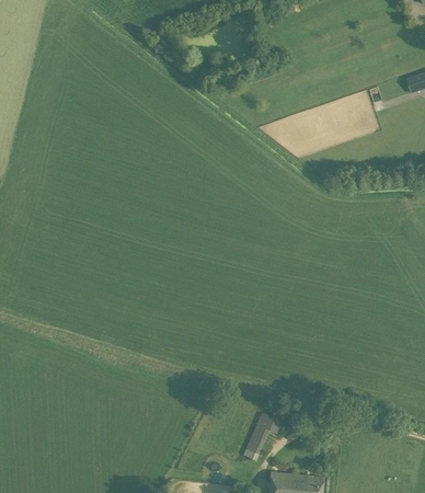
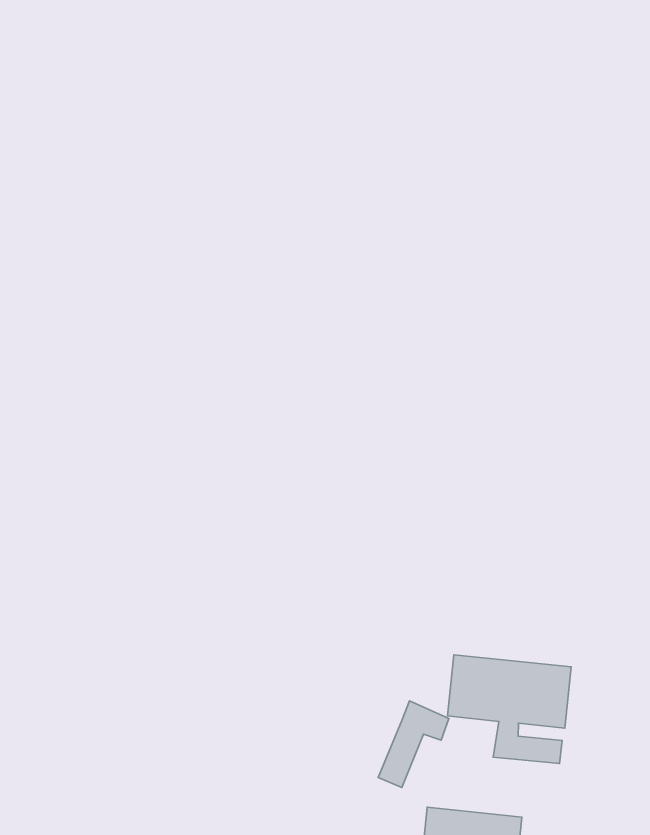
building: none -> [447,655,571,764]

